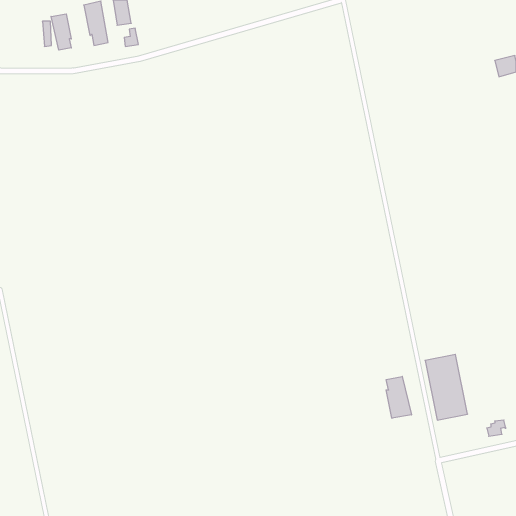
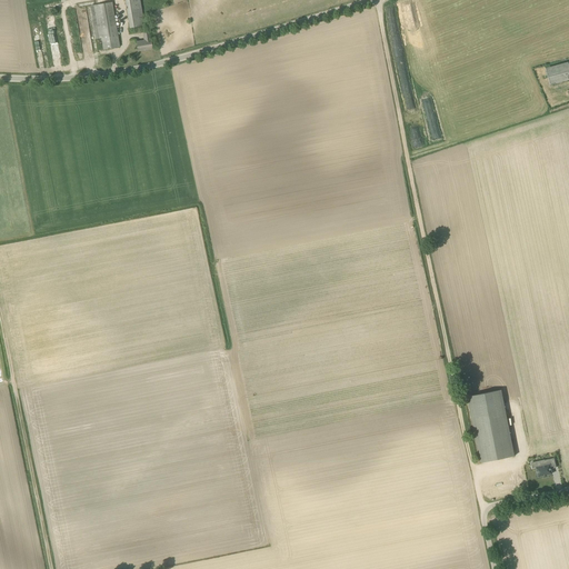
building: [51,14,71,50] -> none
building: [386,376,411,418] -> none

